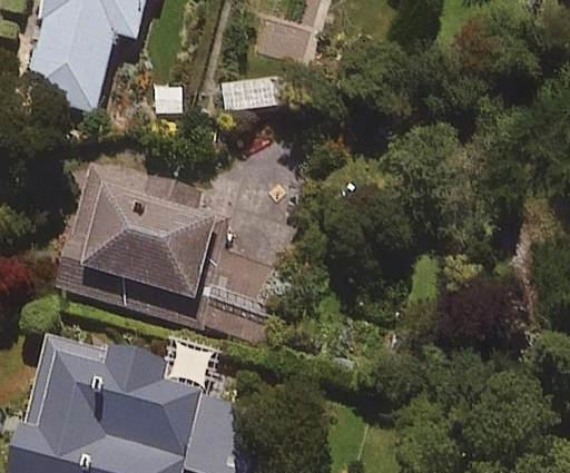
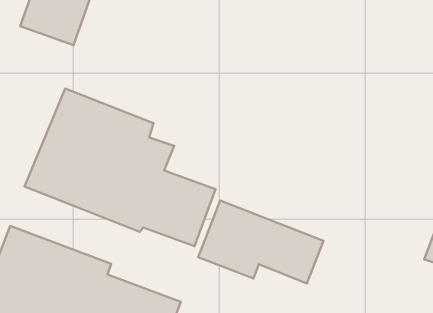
building: none -> [198,200,324,283]

